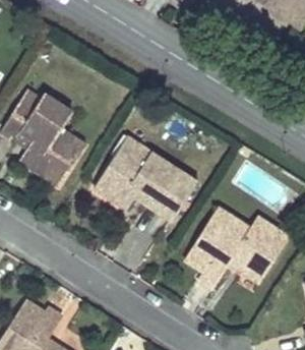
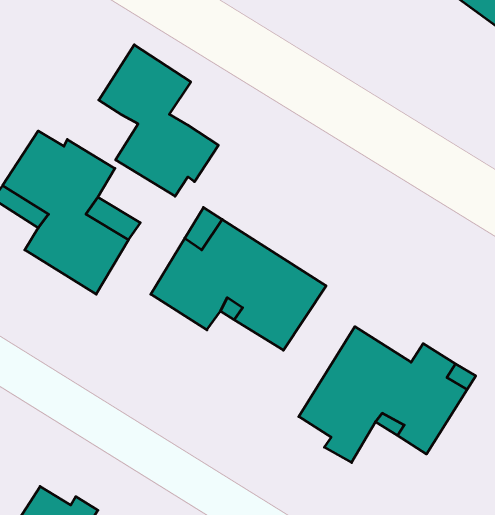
building: none -> [99,45,218,196]

